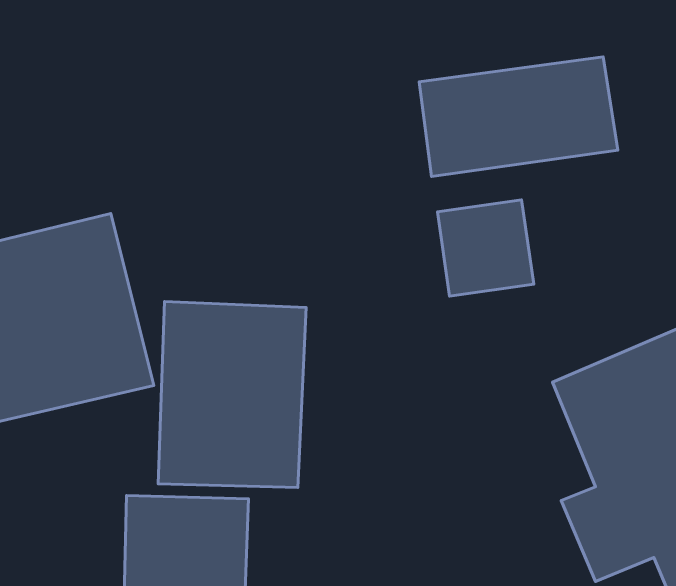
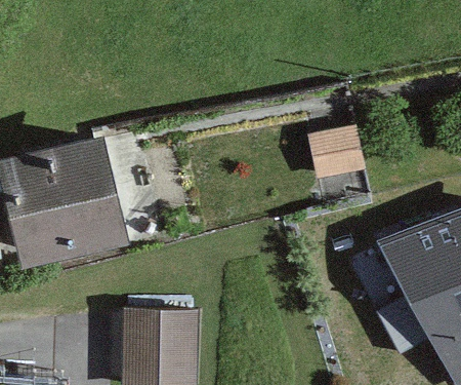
building: [419,57,618,177] -> none
building: [158,302,306,488] -> none

